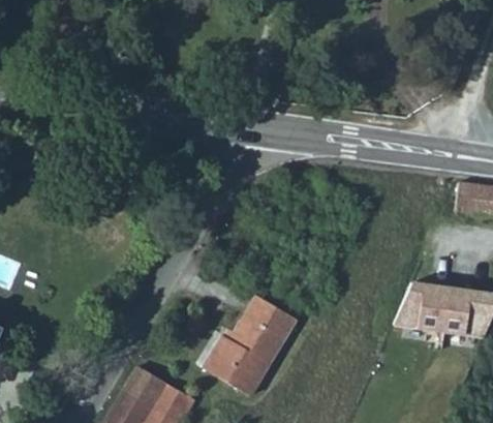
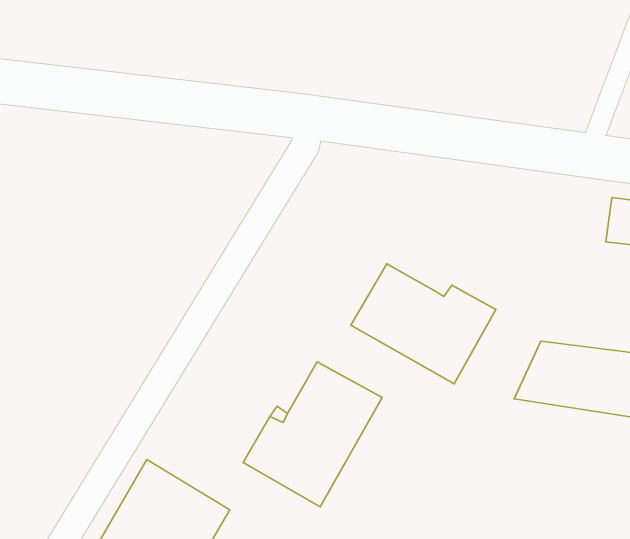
building: none -> [351,264,496,384]

